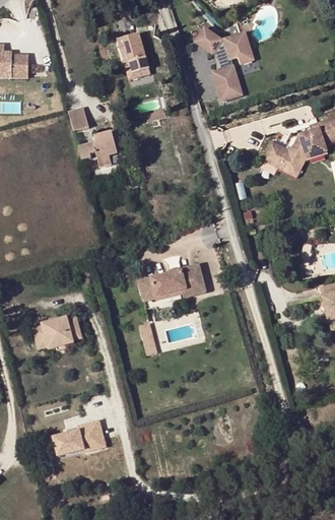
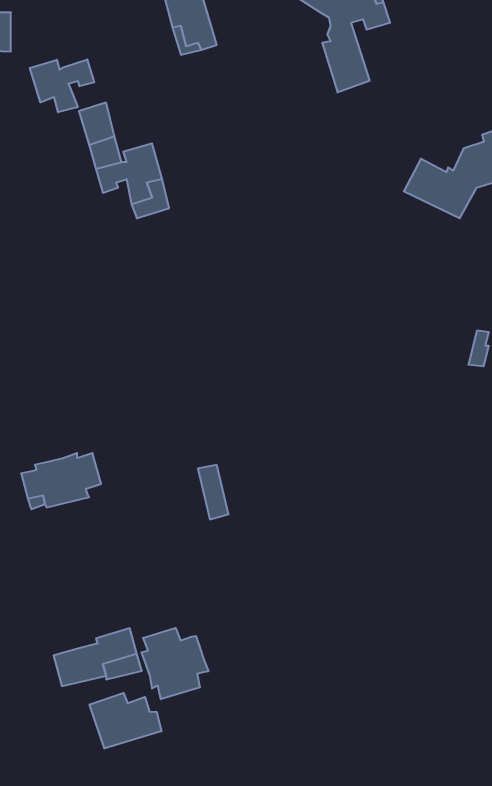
building: none -> [30,59,94,112]
building: [139,263,206,302] -> none
building: none -> [141,628,208,699]
building: none -> [90,693,162,748]

